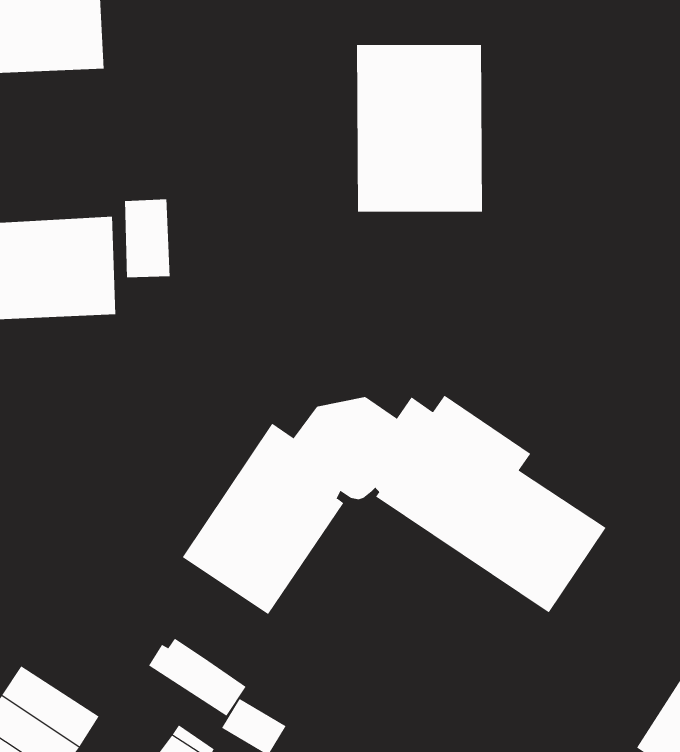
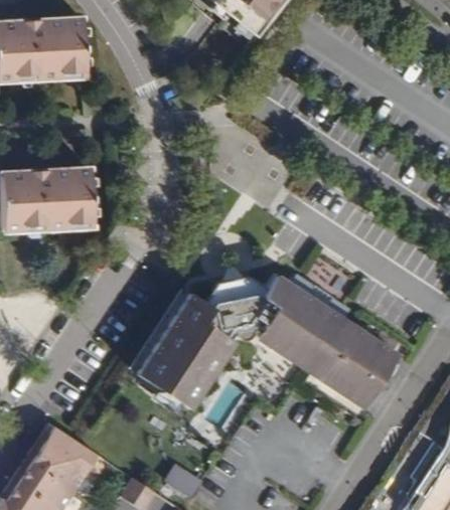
building: [356,44,483,213] -> none
building: [125,199,170,278] -> none
building: [148,638,247,716] -> [37,426,98,474]

